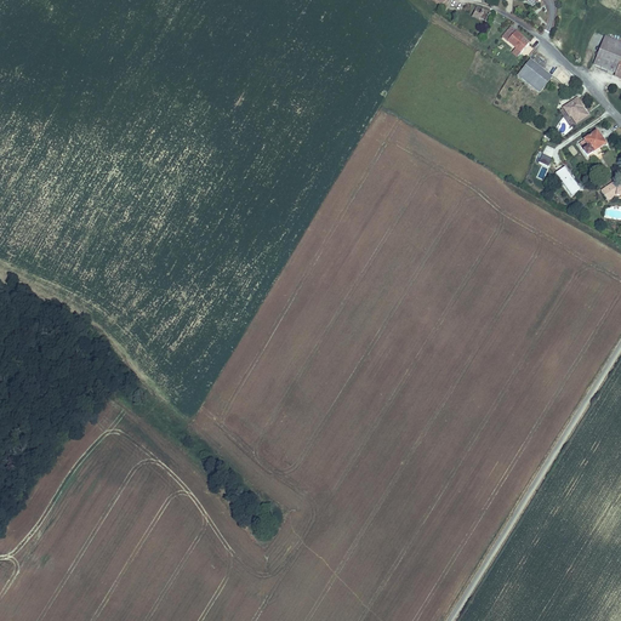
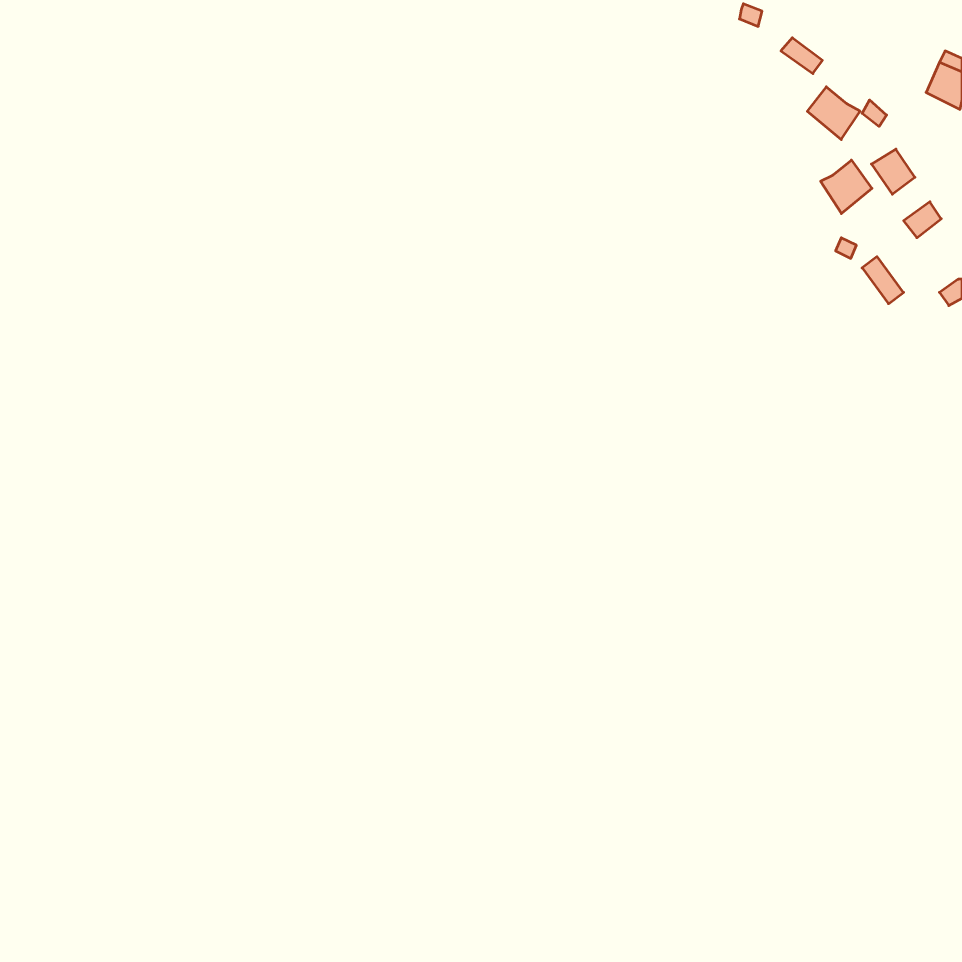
building: none -> [821,160,872,214]

